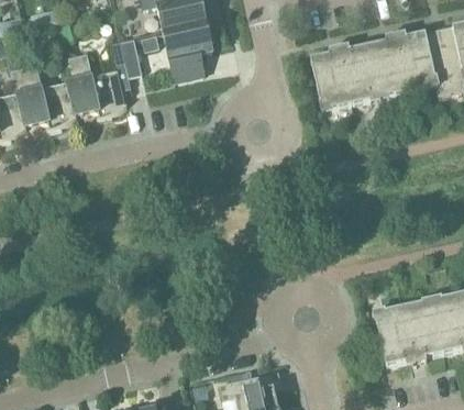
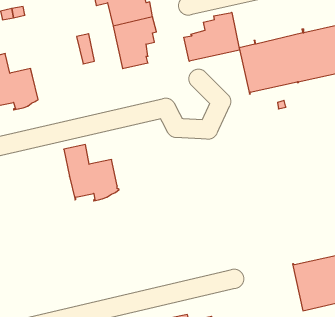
building: none -> [184,12,239,61]
building: [62,53,126,119] -> [64,145,119,201]

